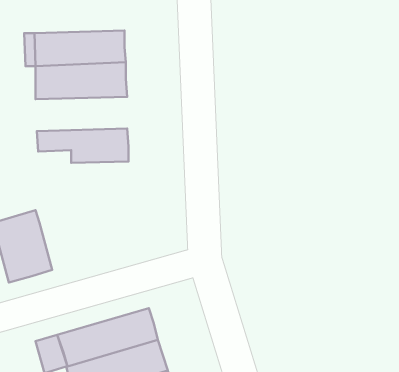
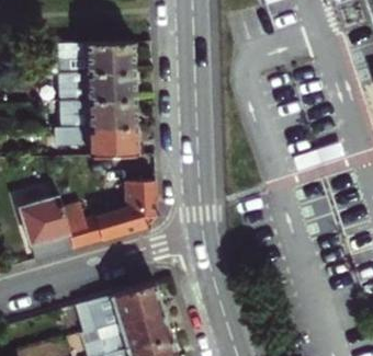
building: none -> [57,100,136,129]
building: none -> [60,181,156,249]

